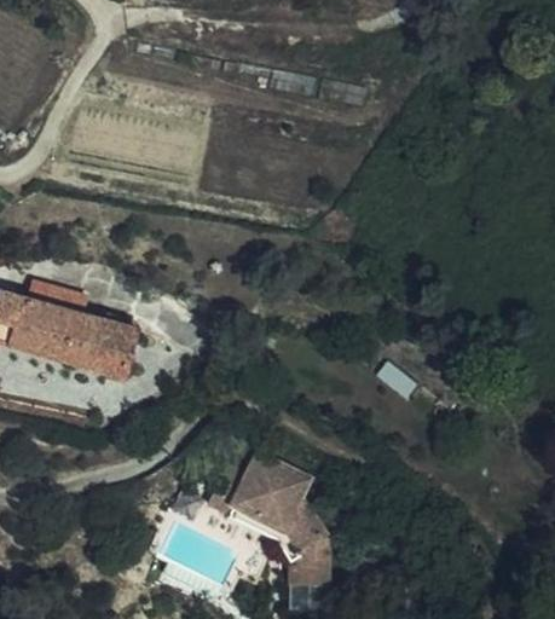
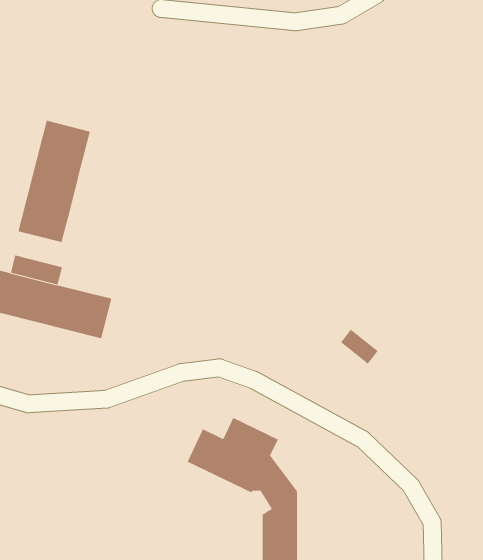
building: none -> [18,120,90,243]

